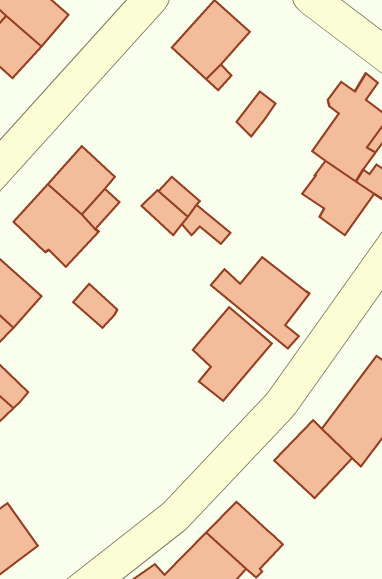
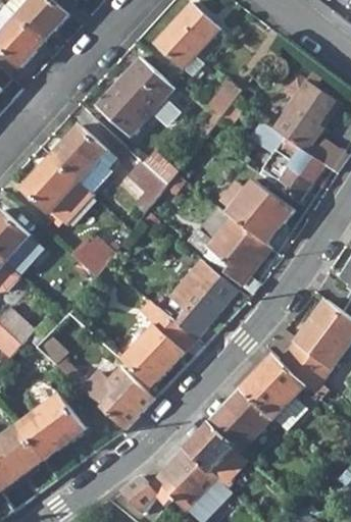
building: none -> [95,56,174,138]
building: none -> [227,179,292,246]
building: none -> [121,299,197,388]
building: none -> [34,313,153,428]
building: none -> [208,387,271,451]
building: none -> [16,393,84,459]

